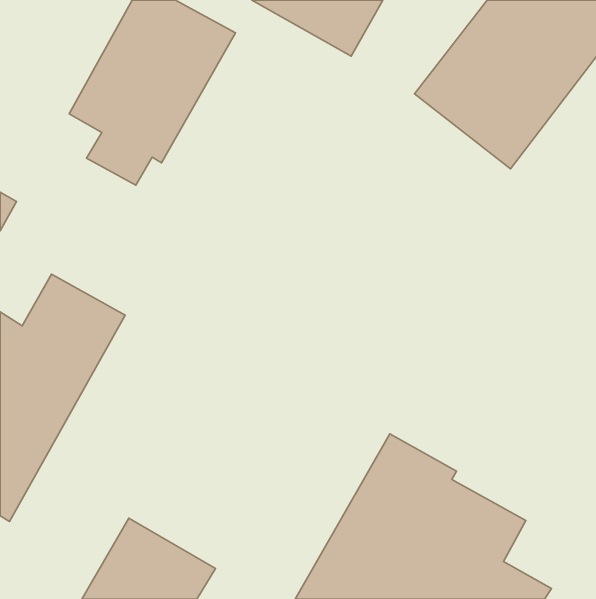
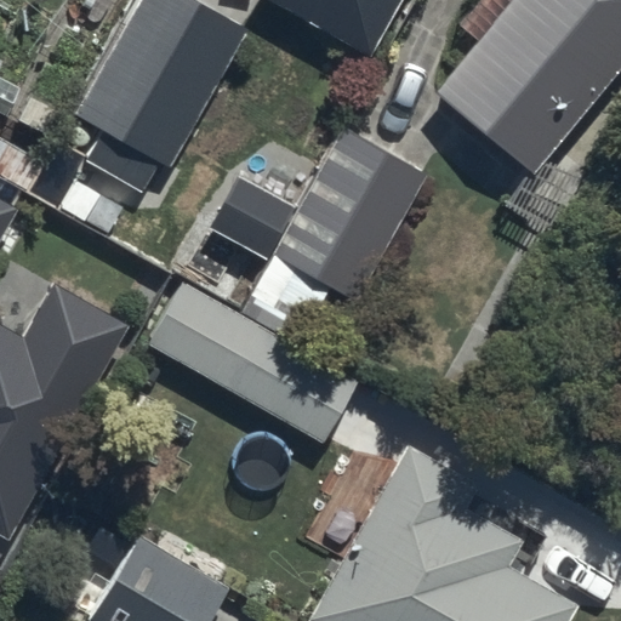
building: none -> [220,127,426,302]
building: none -> [138,279,355,443]

